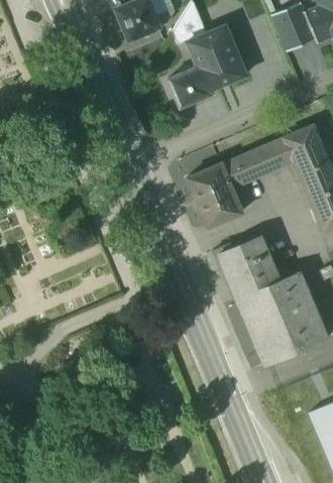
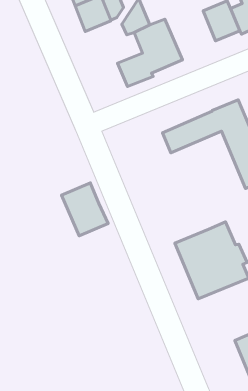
building: [186,162,242,227] -> [62,183,108,236]
building: [212,236,278,297] -> none

